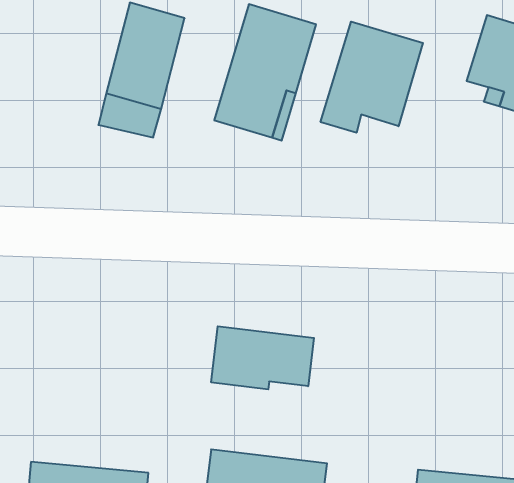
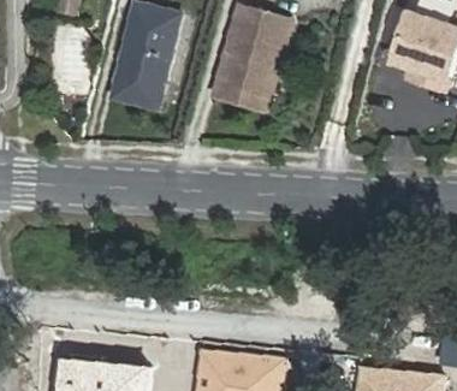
building: [321,22,423,133] -> none
building: [211,326,314,389] -> none

